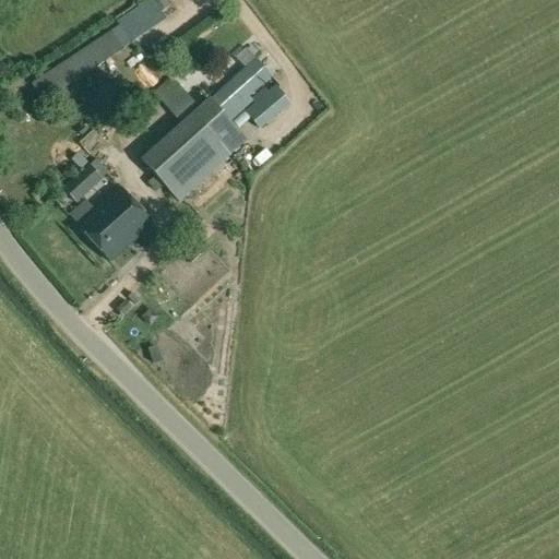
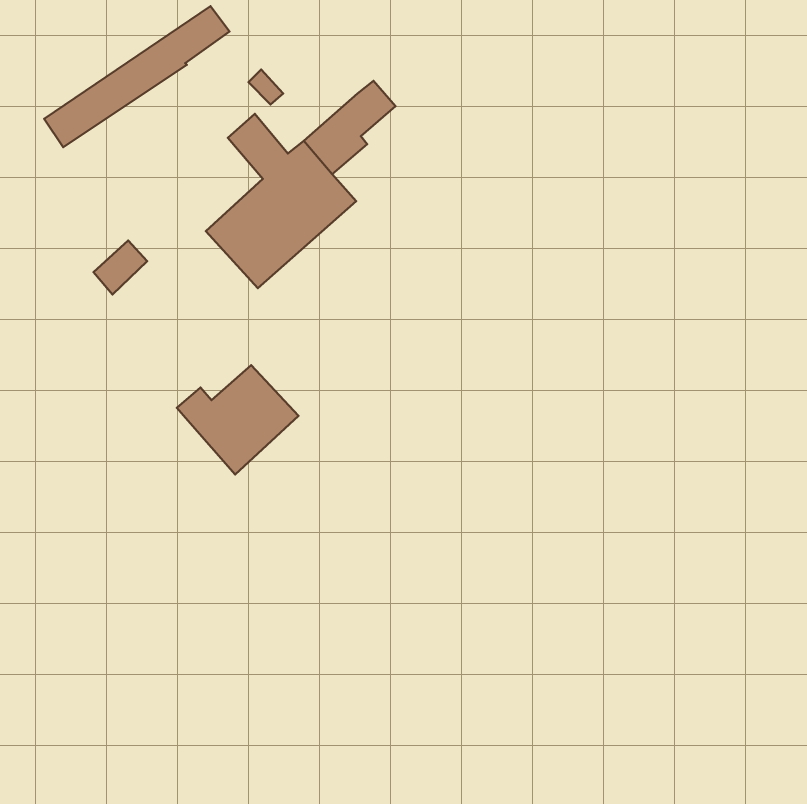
building: [246,83,290,127] -> none
building: [70,185,154,260] -> [177,365,299,474]

